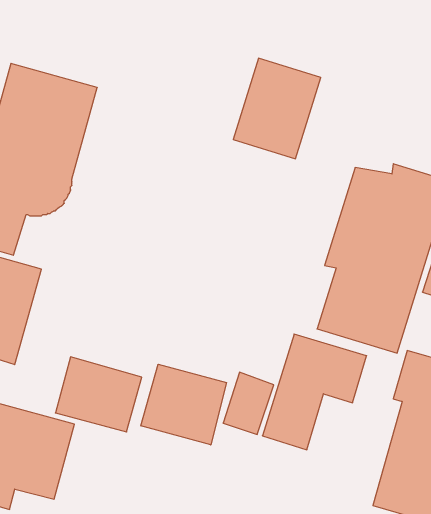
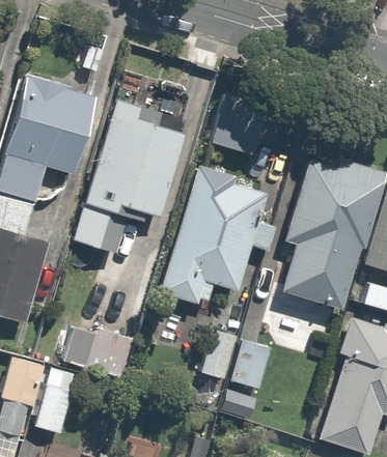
building: none -> [76,93,197,249]
building: none -> [157,162,279,308]
building: [141,364,227,445] -> none

